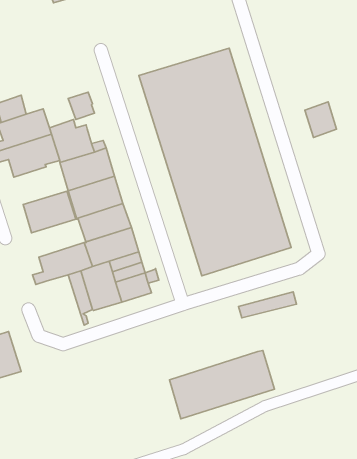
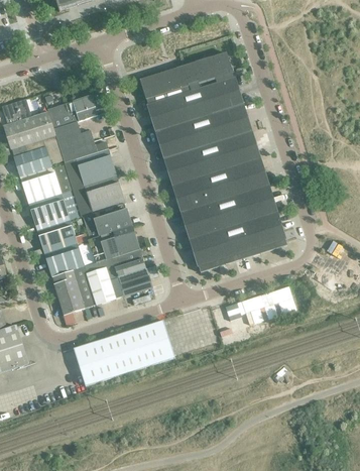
building: none -> [48,102,80,129]
building: [305,102,337,137] -> none
building: none -> [20,162,73,203]
building: none -> [37,217,88,253]
building: none -> [51,270,85,326]
building: [169,350,275,419] -> [74,320,174,385]

